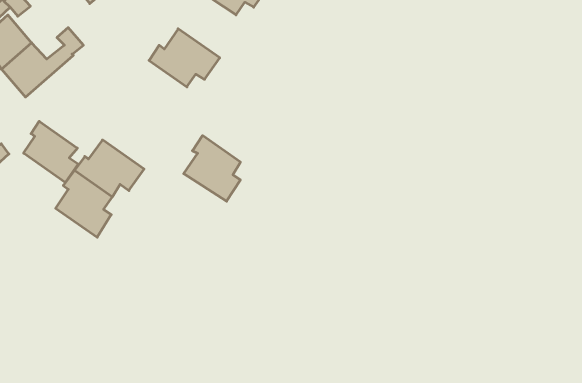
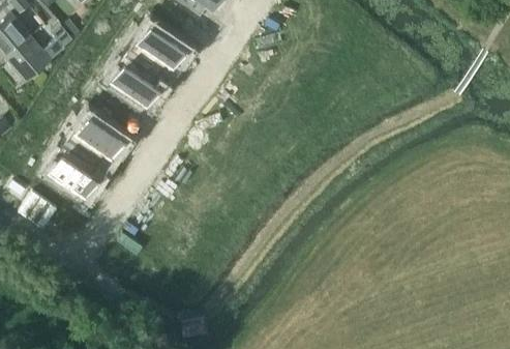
building: [24,121,78,183] -> none
building: [184,136,240,201] -> [113,51,159,105]

